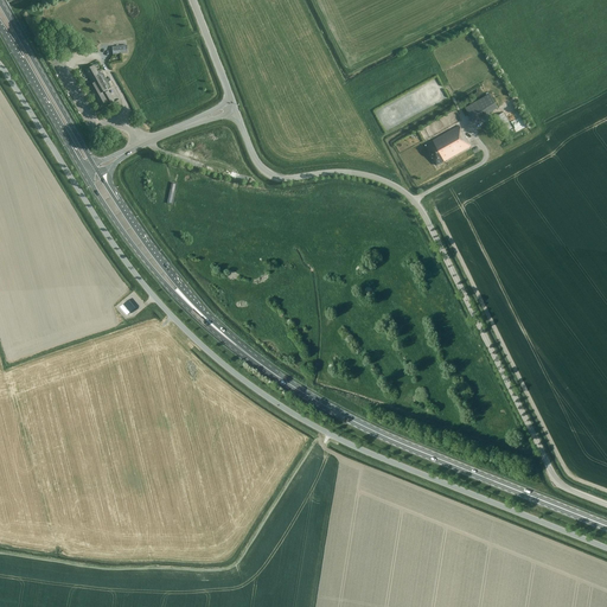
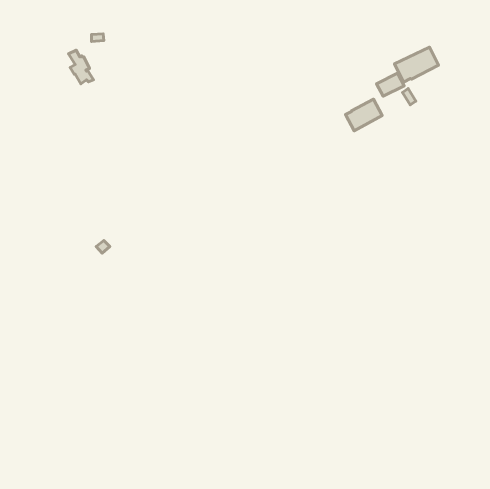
building: none -> [394,47,439,82]

